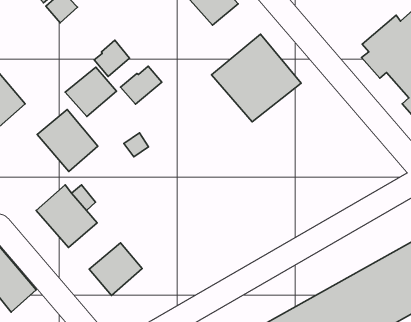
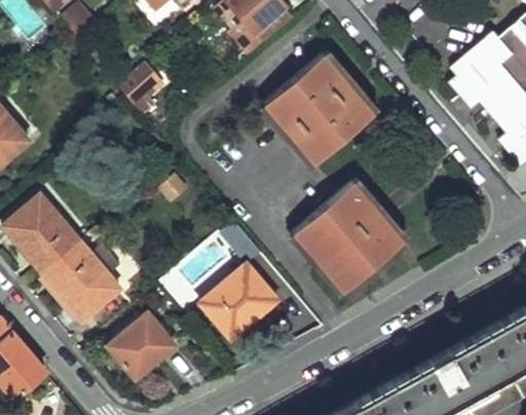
building: [120,66,162,104] -> none
building: [65,67,116,116] -> none
building: [37,110,98,172] -> [7,195,82,272]
building: none -> [293,182,403,290]
building: none -> [202,261,277,337]

